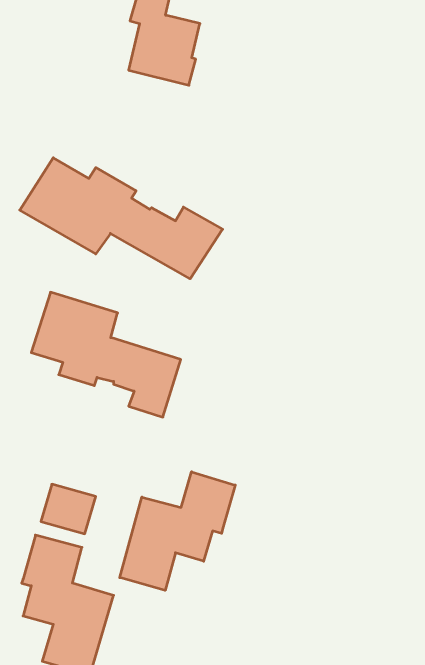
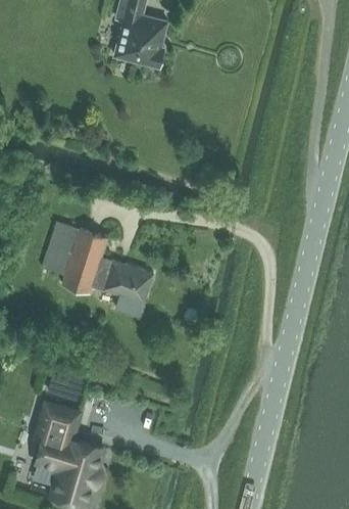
building: [20,158,223,279] -> none
building: [120,472,235,590] -> none

